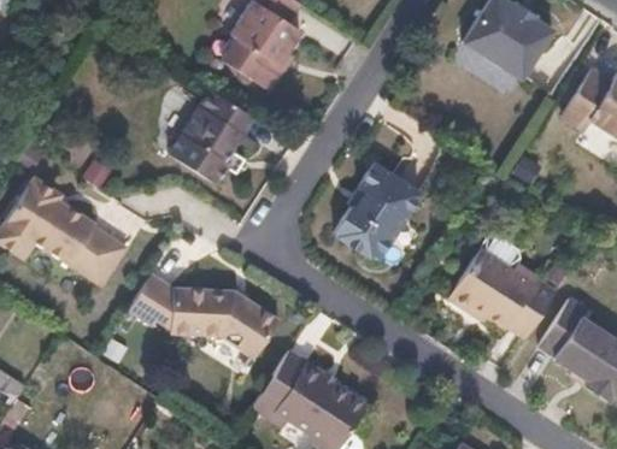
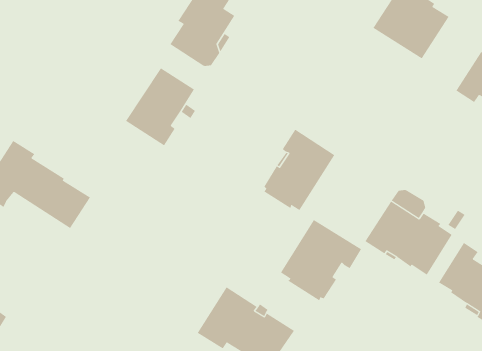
building: [130,270,280,360] -> none
building: none -> [280,219,362,301]

